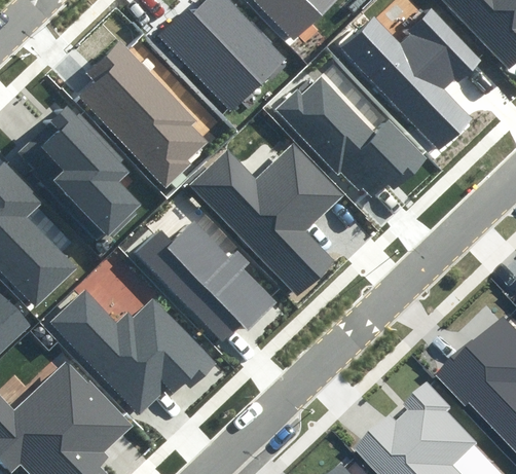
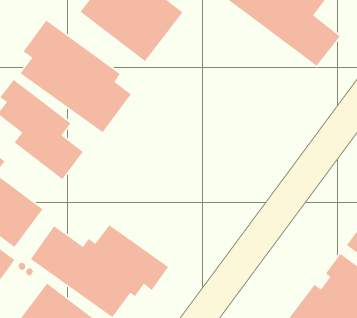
building: [283,75,431,203] -> none
building: [186,145,342,298] -> none
building: [135,218,274,340] -> none

